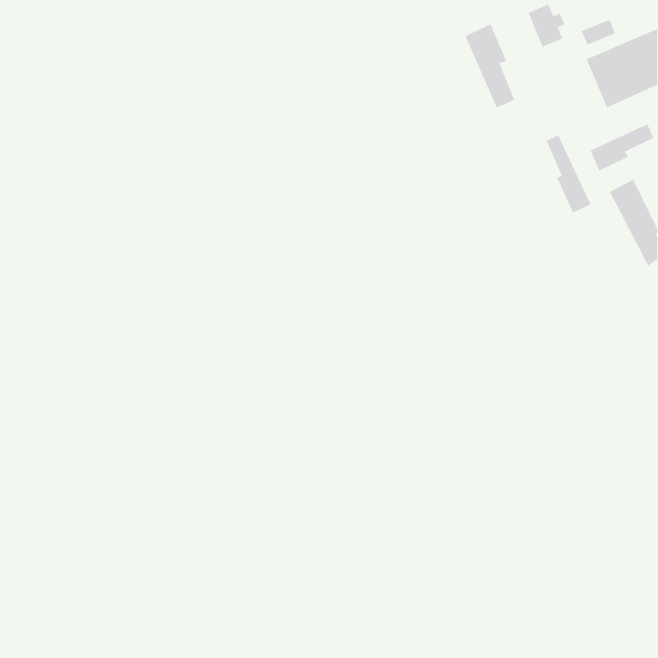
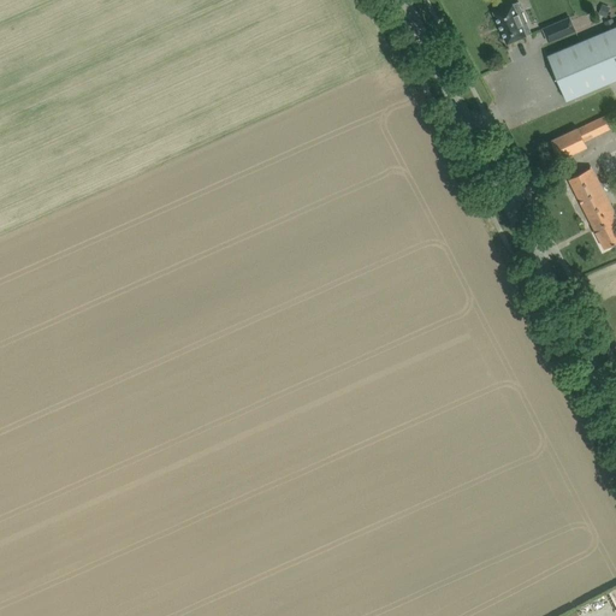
building: [465,24,515,108] -> none
building: [546,134,591,214] -> none

